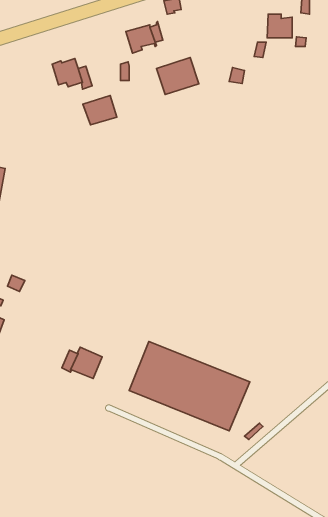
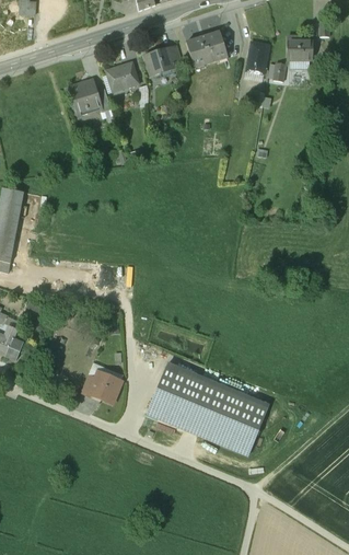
building: none -> [245,43,268,73]
building: [156,58,199,95] -> [185,31,228,68]
building: [83,95,117,125] -> [105,61,139,91]

